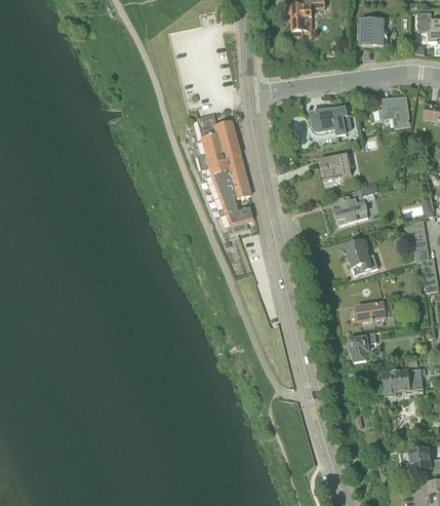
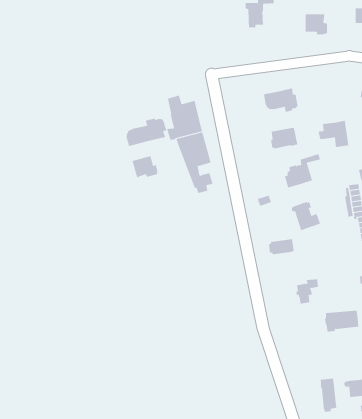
building: [373,96,410,128] -> [318,120,349,147]
building: none -> [126,118,167,147]
building: none -> [132,155,158,178]
building: [356,302,387,321] -> [268,238,294,255]
building: none -> [320,378,337,413]

